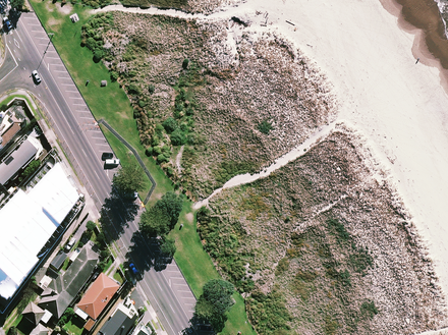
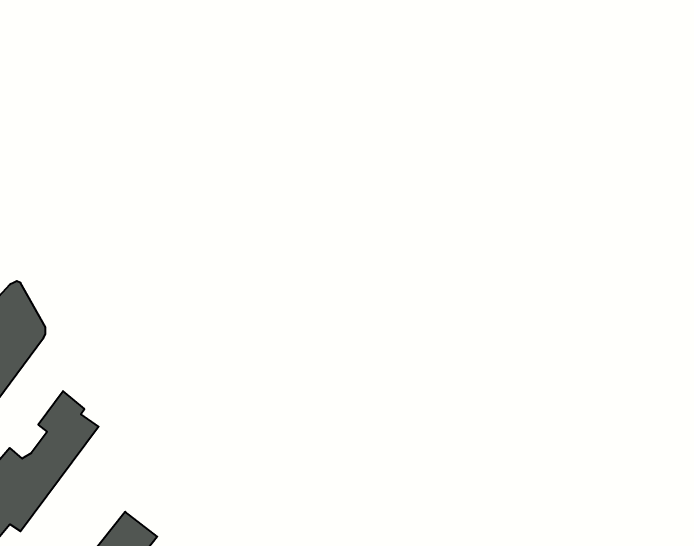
building: [73,275,117,323] -> none

